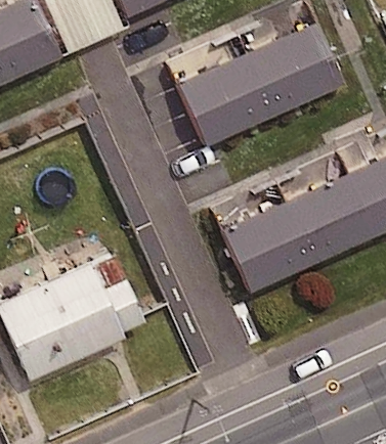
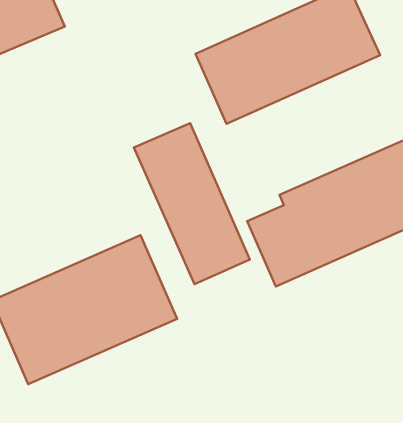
building: none -> [134,123,250,284]

